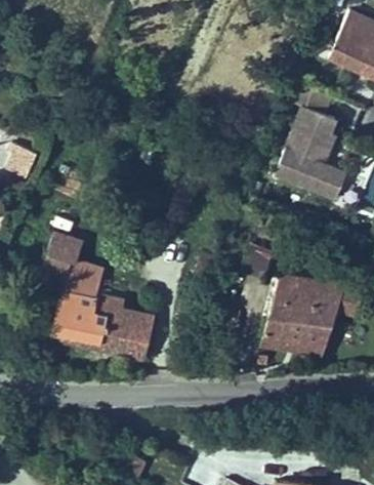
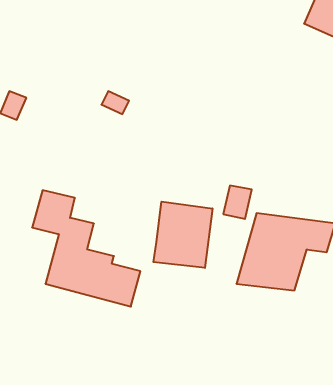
building: [278,83,348,201] -> none
building: none -> [153,202,212,268]

